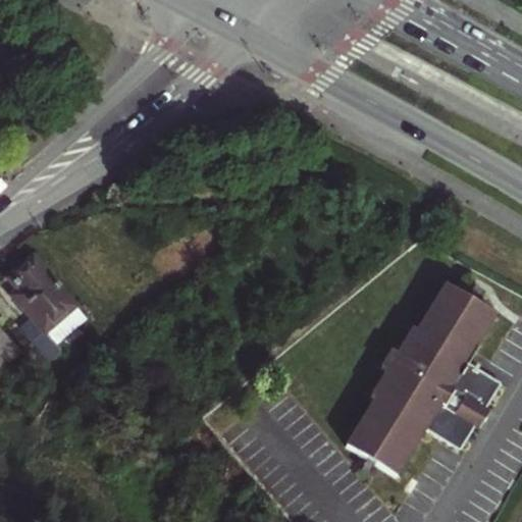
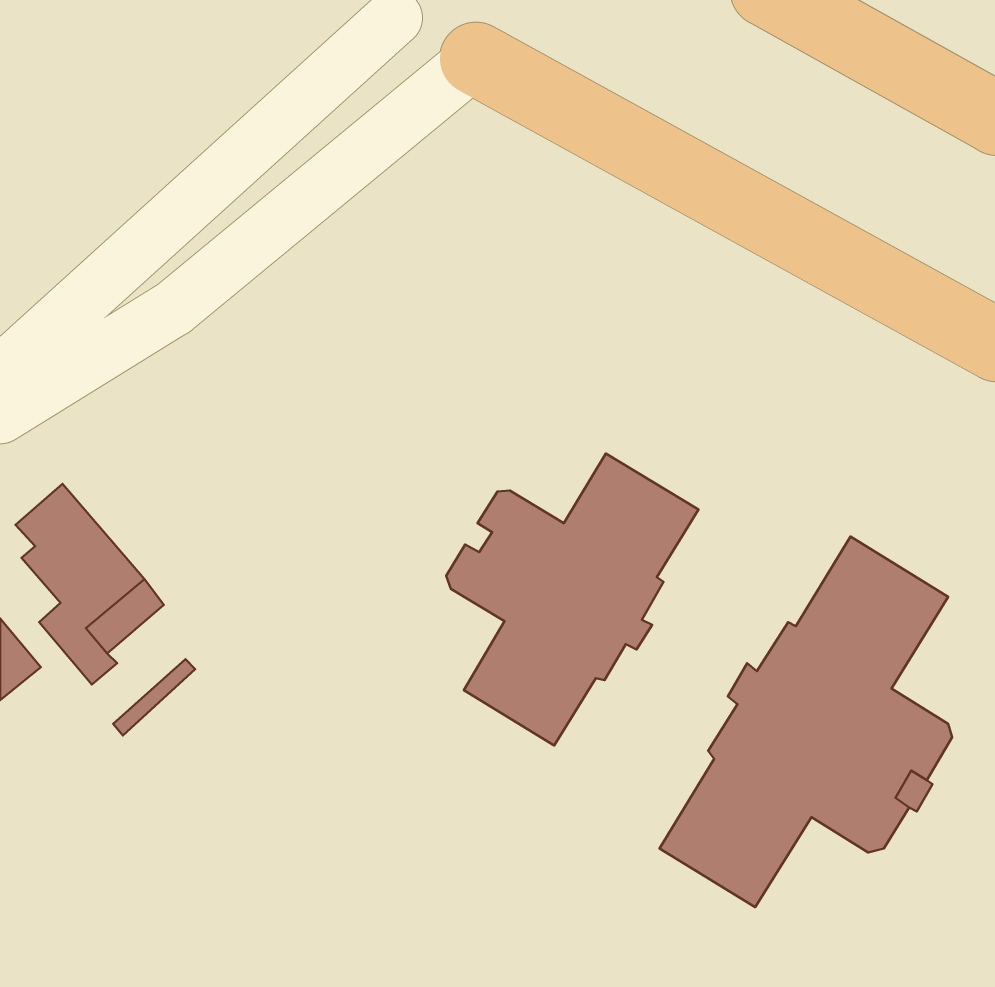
building: none -> [446,453,699,746]

